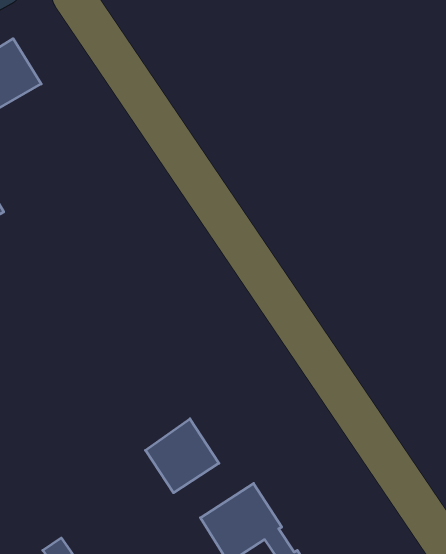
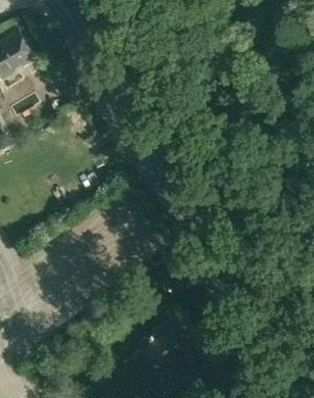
building: [145,419,219,493] -> none

